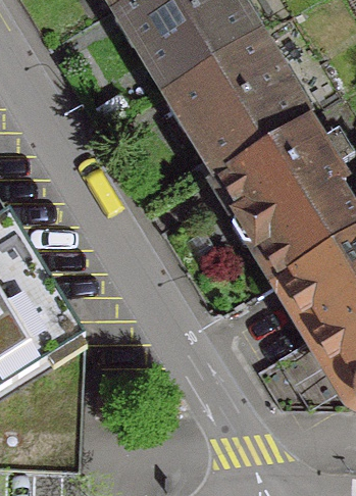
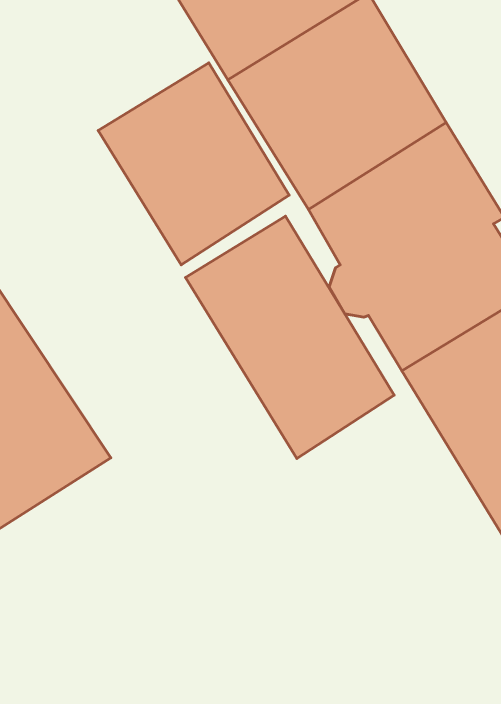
building: none -> [98,63,289,265]
building: none -> [185,216,394,458]

